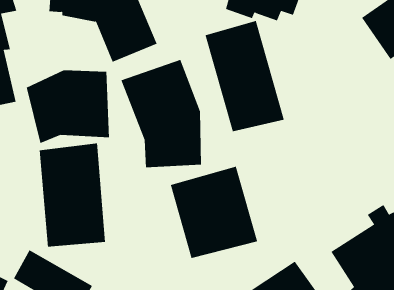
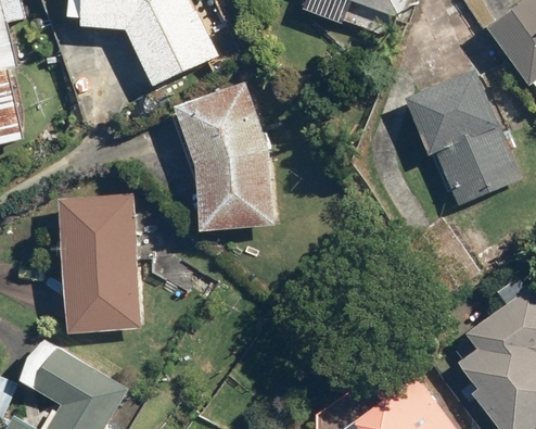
building: [205,20,285,132] -> none
building: none -> [407,66,522,210]
building: [26,70,109,144] -> none
building: [170,166,258,259] -> none

